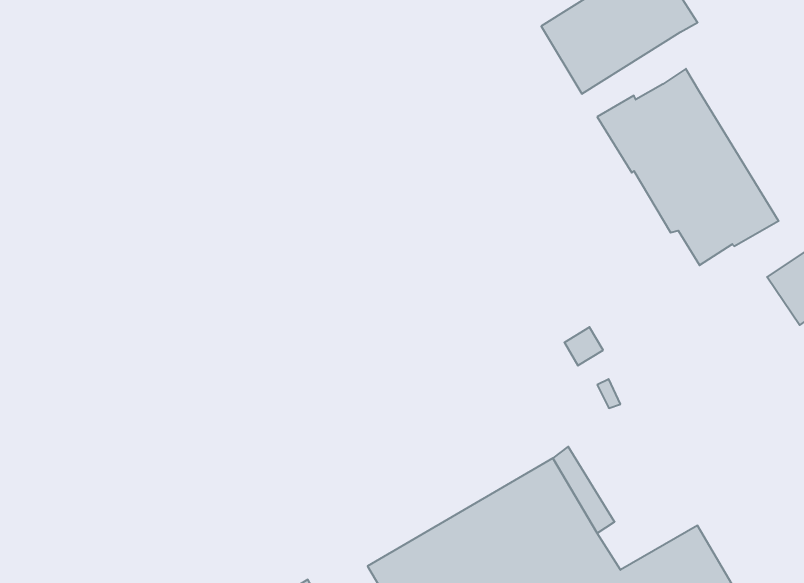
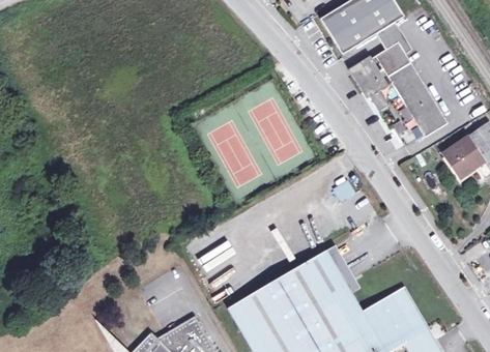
building: none -> [375,22,411,54]

